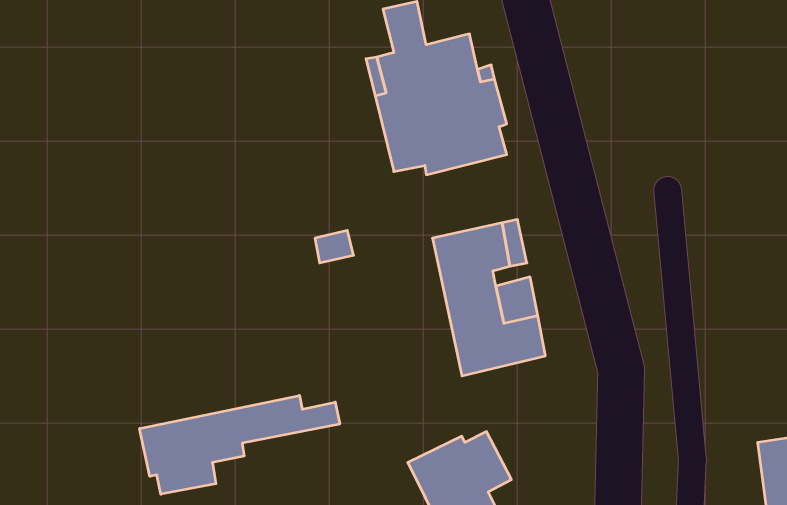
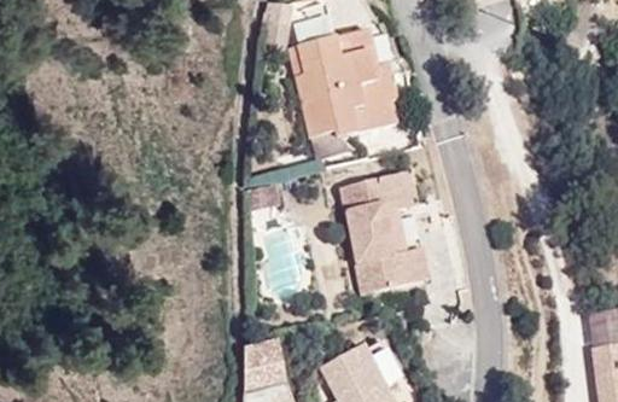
building: [140,395,340,494] -> none
building: none -> [245,339,287,390]

